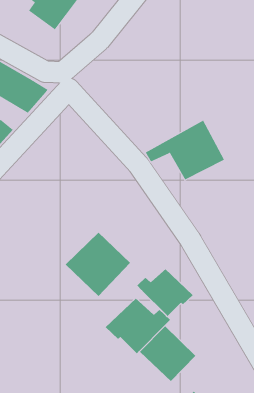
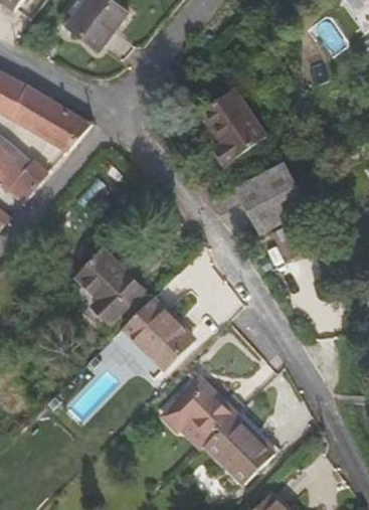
building: none -> [200,89,265,164]
building: none -> [74,246,144,322]
building: [136,268,194,317] -> none

